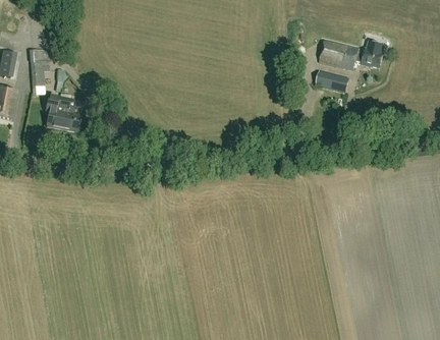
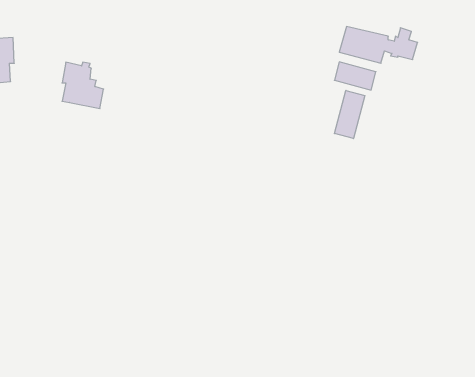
building: [45,92,79,130] -> [62,62,104,109]
building: none -> [334,90,365,139]

